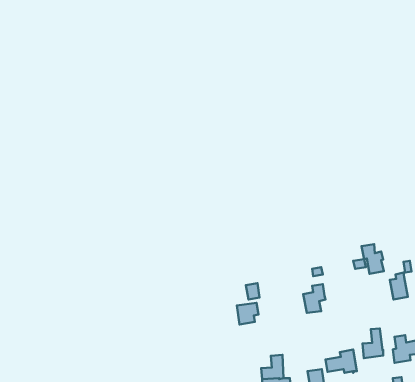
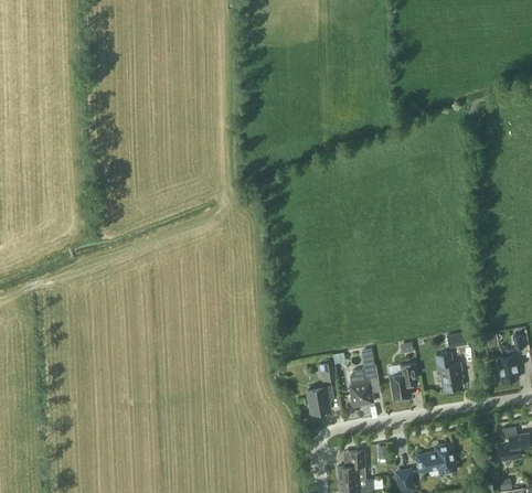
building: [362,244,384,274] -> [435,353,462,389]
building: none -> [349,349,380,407]
building: [362,329,383,358] -> none

